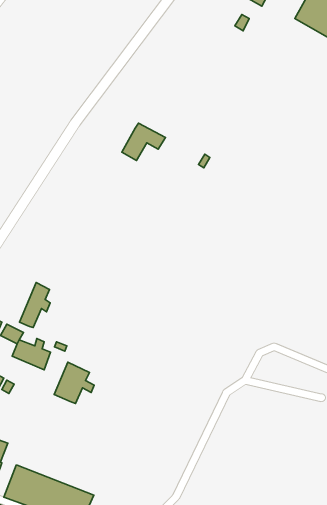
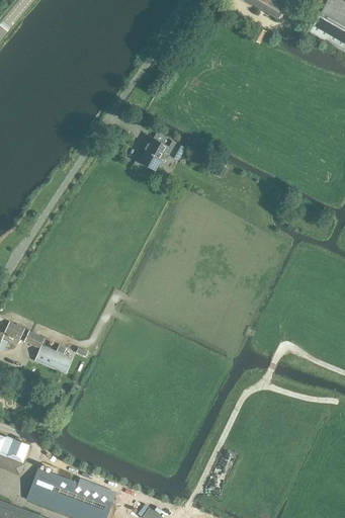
building: [20,282,50,328] -> none
building: [54,362,94,403] -> none

